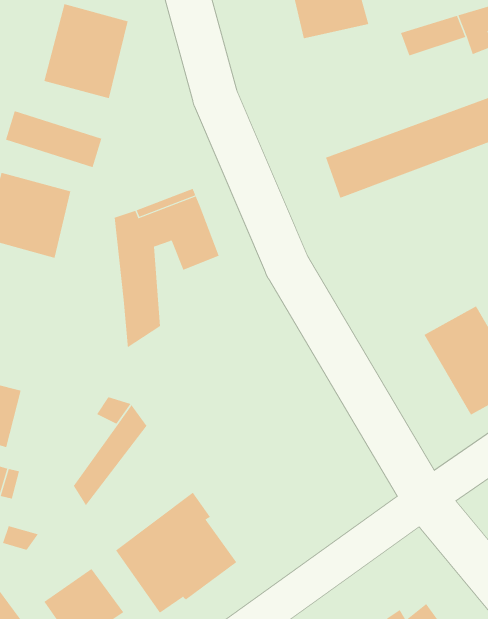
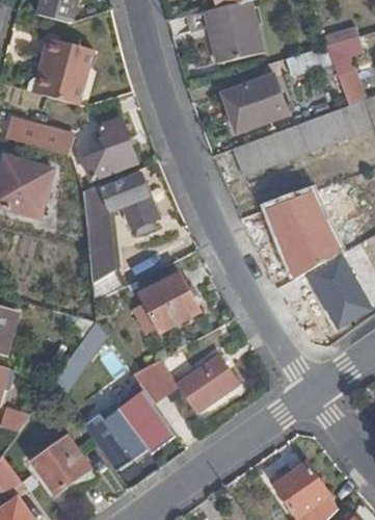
building: none -> [222,75,289,133]
building: none -> [83,120,137,180]
building: none -> [262,189,340,280]
building: none -> [140,272,199,332]
building: none -> [133,355,239,412]

